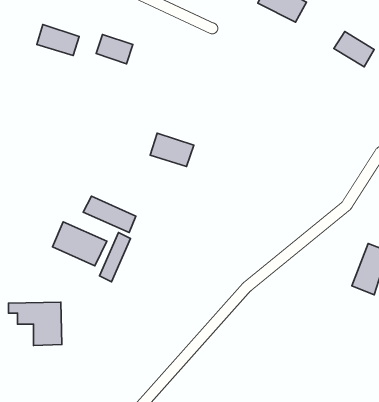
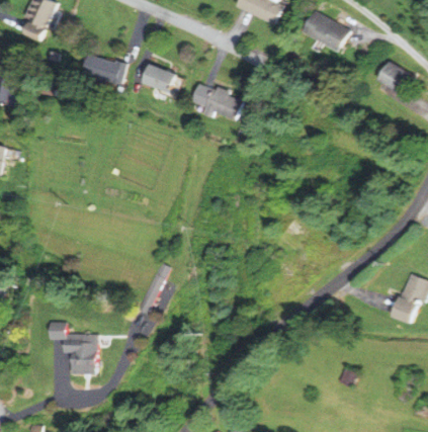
building: [150,133,194,166] -> [200,86,244,119]
building: [83,196,136,233] -> none
building: [53,222,107,266] -> none

